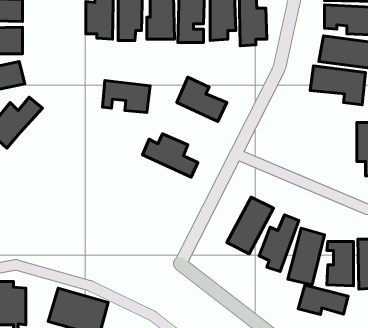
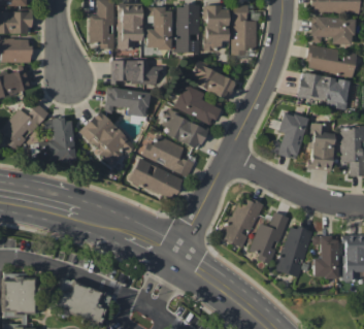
building: none -> [111,60,157,85]
building: none -> [190,63,237,101]
building: none -> [78,111,134,167]
building: none -> [271,112,308,160]
building: none -> [162,113,207,150]
building: none -> [40,120,75,162]
building: none -> [309,124,333,170]
building: none -> [129,160,183,201]
building: [298,285,348,314] -> none

